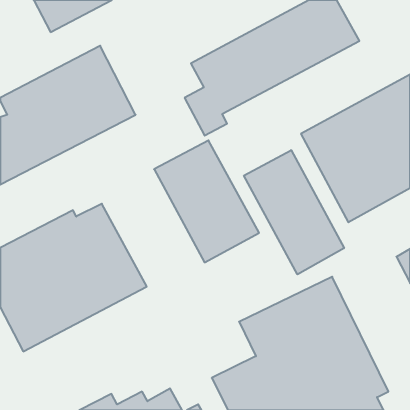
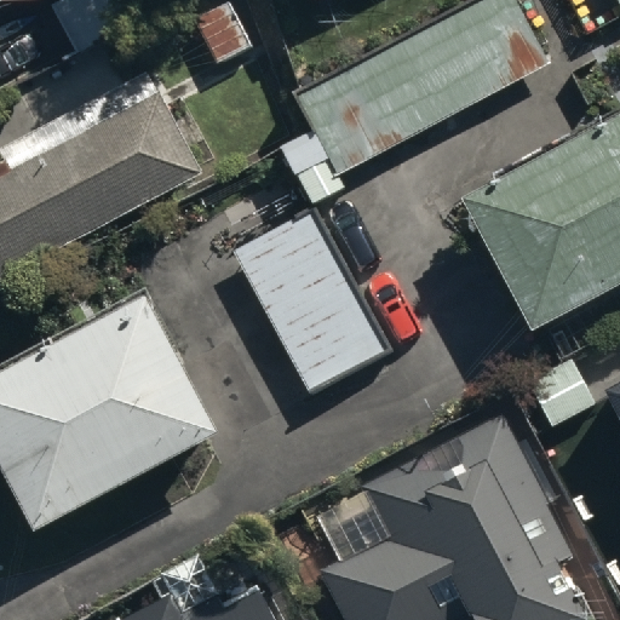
building: [244,150,344,274] -> none

